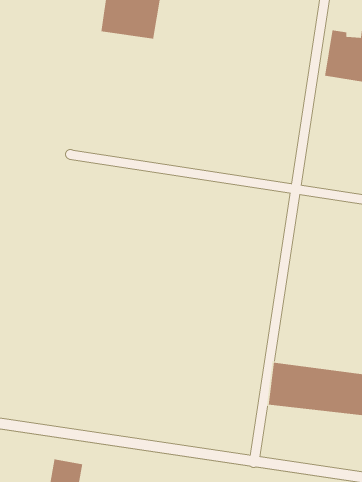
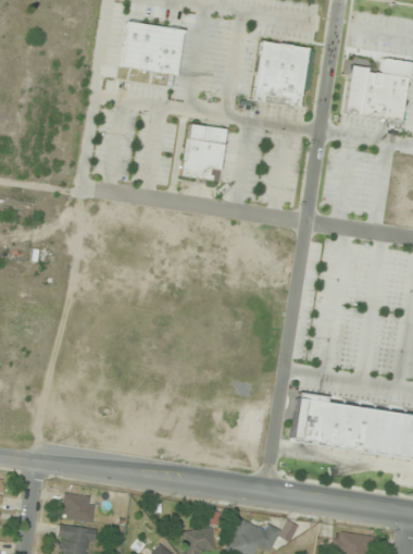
building: none -> [252,39,309,106]
building: none -> [182,123,228,183]

